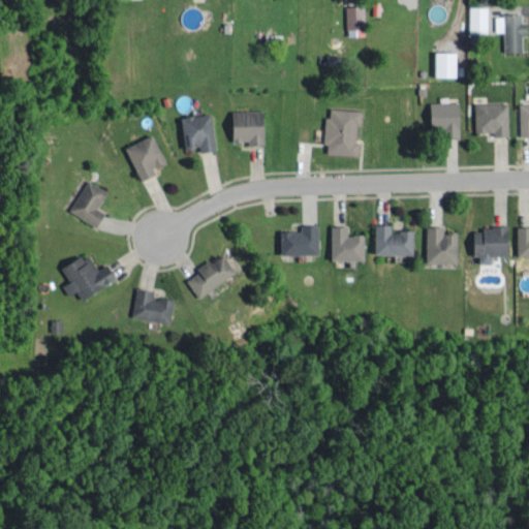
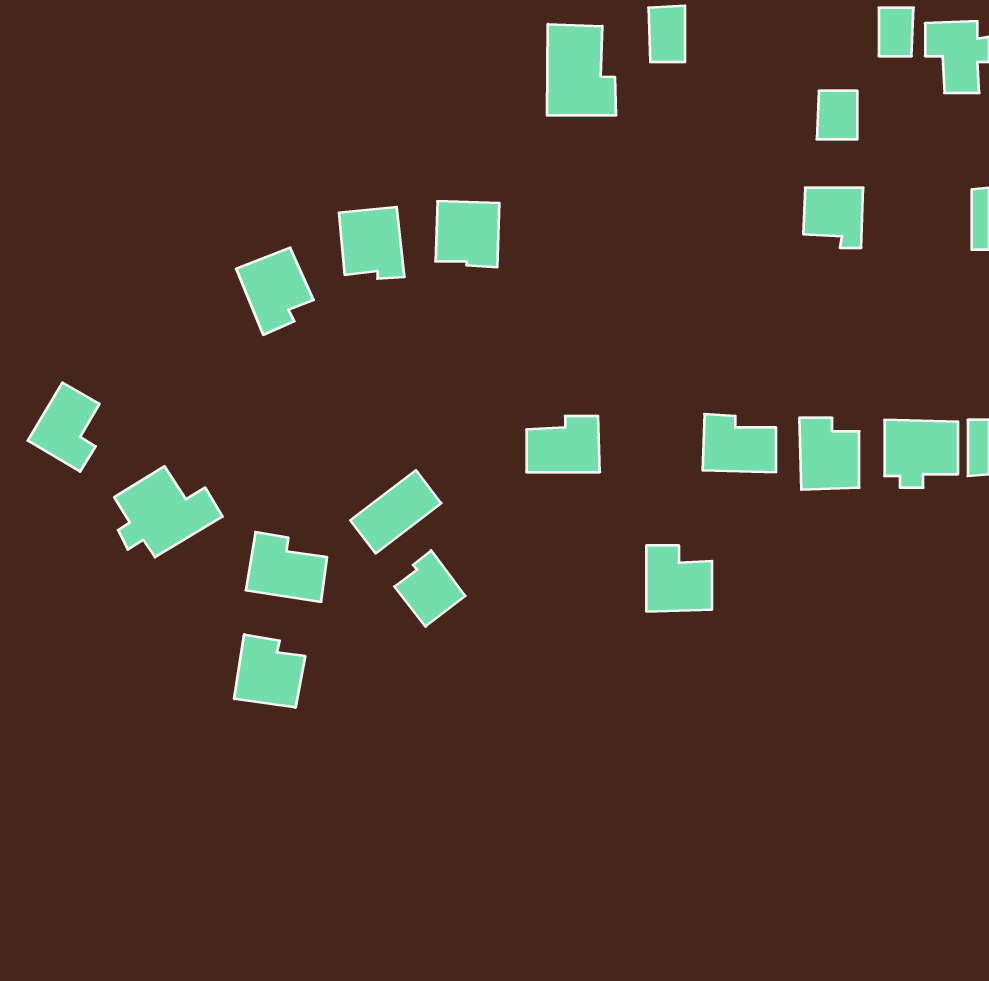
building: none -> [547,24,616,115]
building: [475,103,508,137] -> none
building: [325,111,363,157] -> none
building: [69,182,107,229] -> [28,383,99,472]
building: [331,227,366,262] -> [646,546,712,611]
building: none -> [394,550,465,627]
building: none -> [234,634,305,708]

